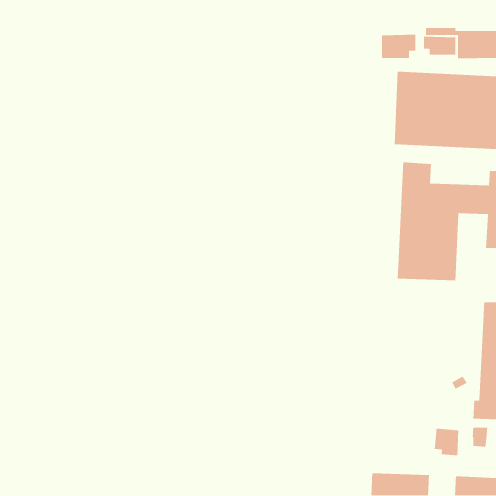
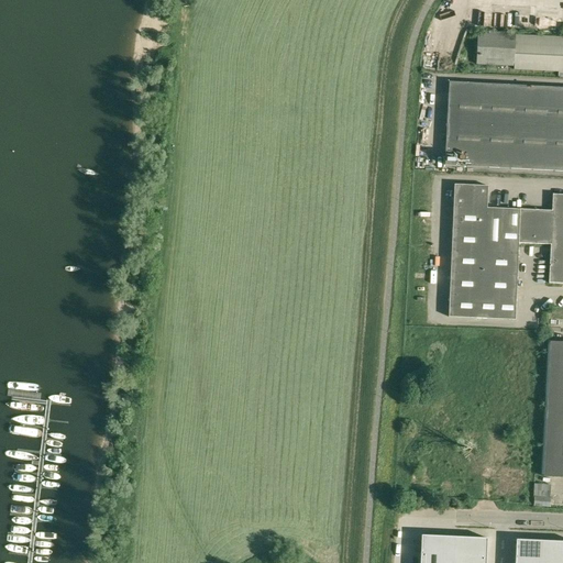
building: [381,34,416,59] -> none
building: [434,428,459,456] -> none

